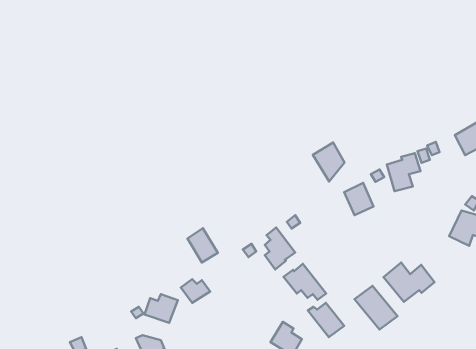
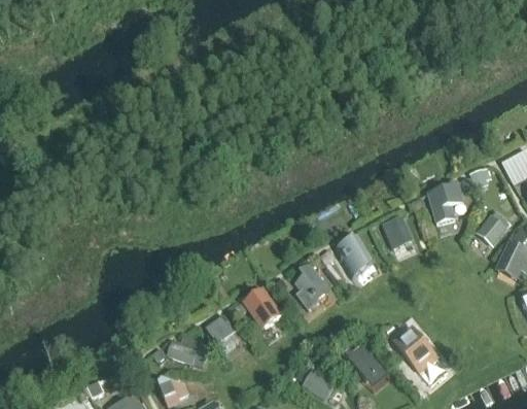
building: [313,142,344,182] -> [335,232,368,274]
building: none -> [477,211,511,246]
building: [187,228,218,262] -> [247,293,280,330]
building: [384,262,434,302] -> none
building: [283,264,326,300] -> none

